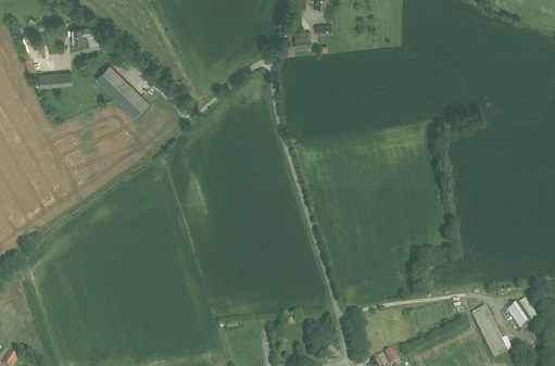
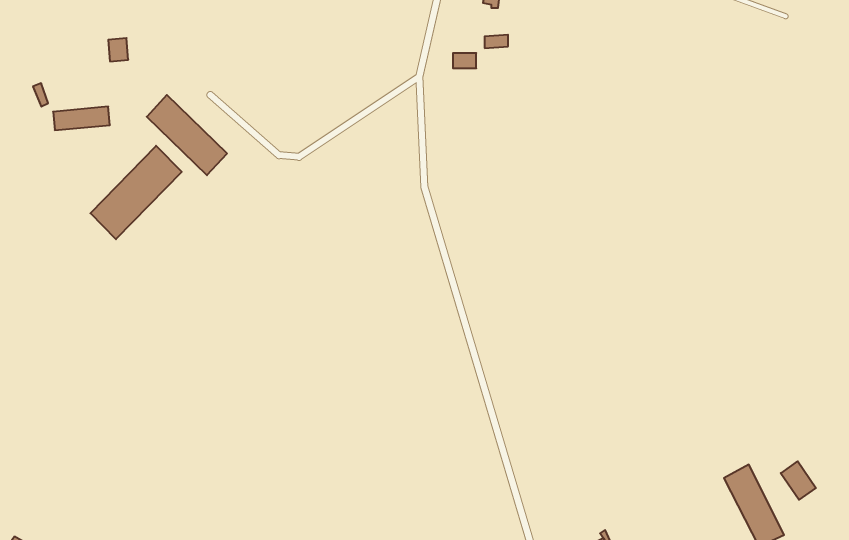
building: none -> [90,146,182,239]

